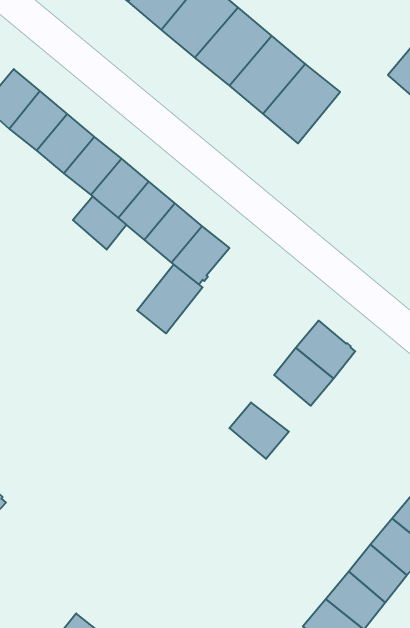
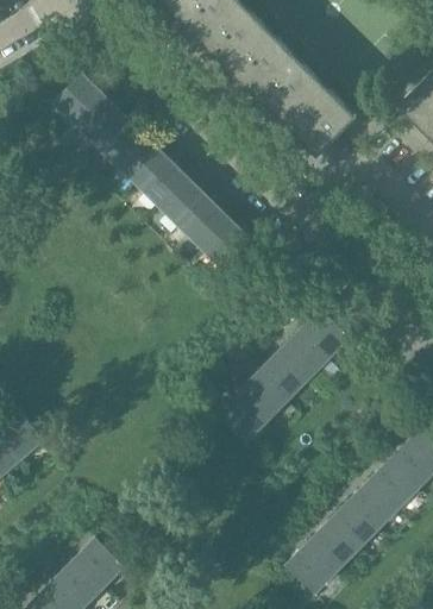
building: [73,196,126,250] -> none
building: [137,264,203,333] -> none
building: none -> [257,350,307,398]
building: none -> [215,391,265,442]

